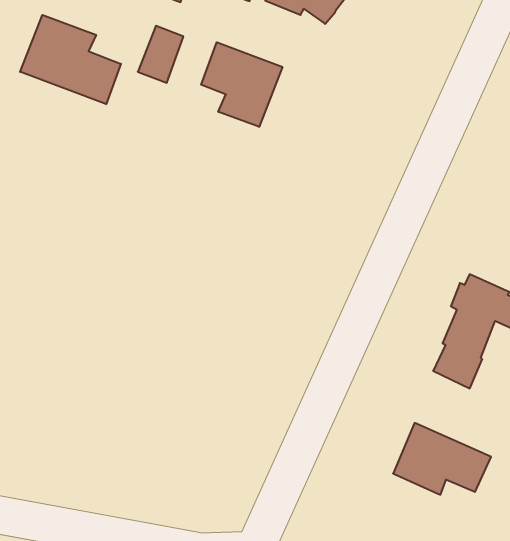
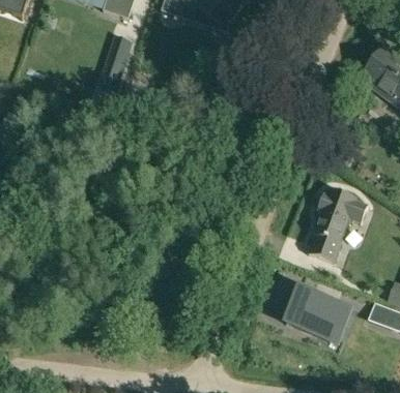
building: [20,15,121,104] -> none
building: [201,42,282,127] -> none

